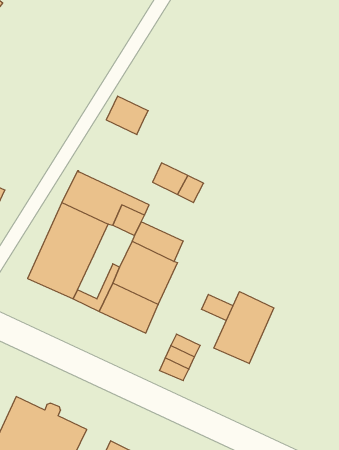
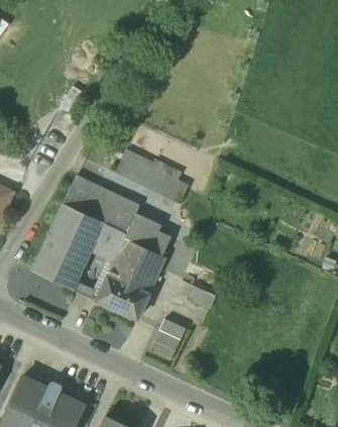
building: [106,96,148,135] -> [116,150,153,185]
building: none -> [91,222,127,260]
building: [214,292,274,364] -> none

